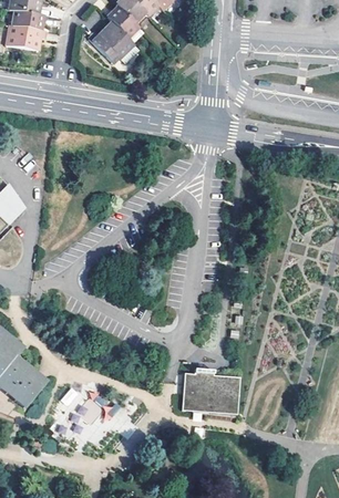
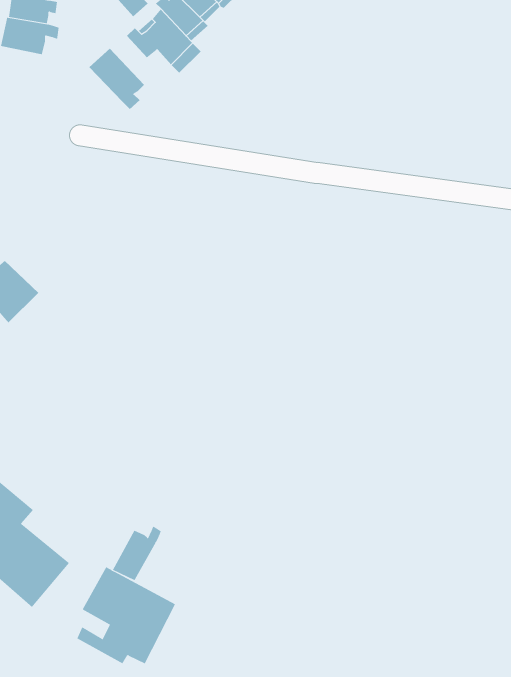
building: none -> [88,48,145,110]
building: none -> [112,526,162,581]
building: [181,369,238,413] -> none

